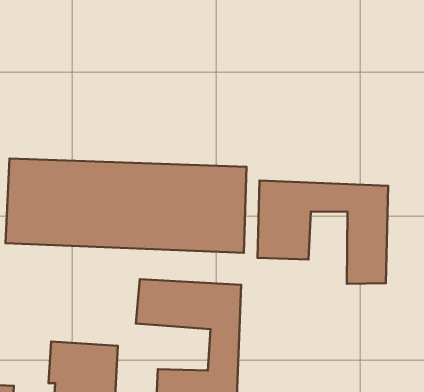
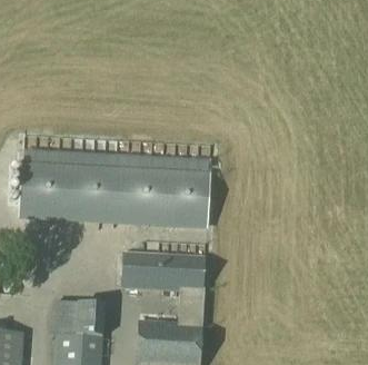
building: [257,181,388,284] -> none

